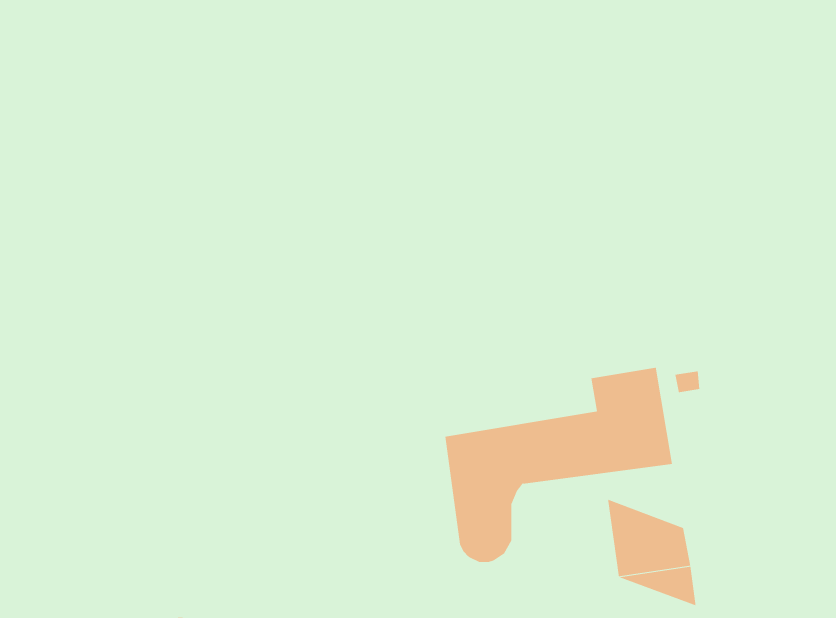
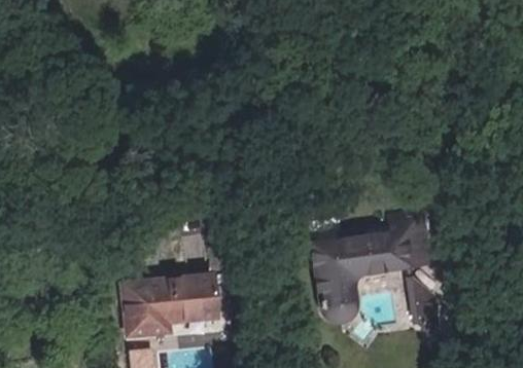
building: none -> [126,277,220,338]

